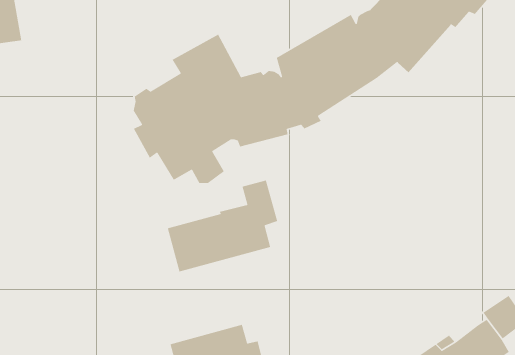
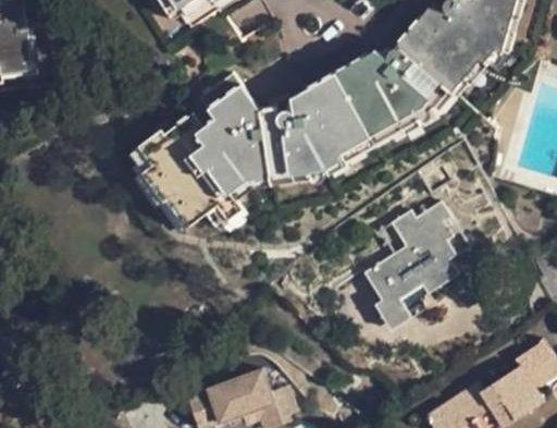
building: none -> [363,200,470,331]
building: [167,179,278,272] -> none

